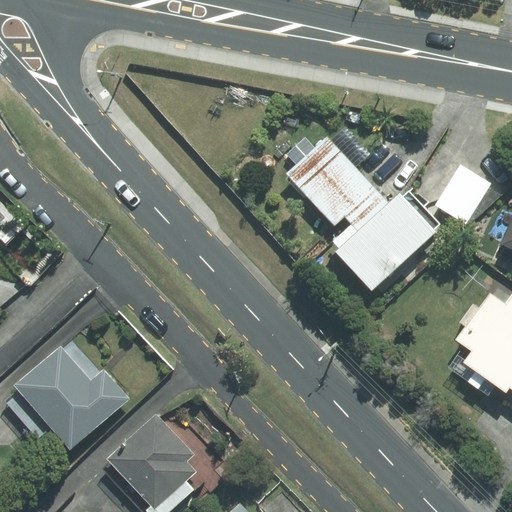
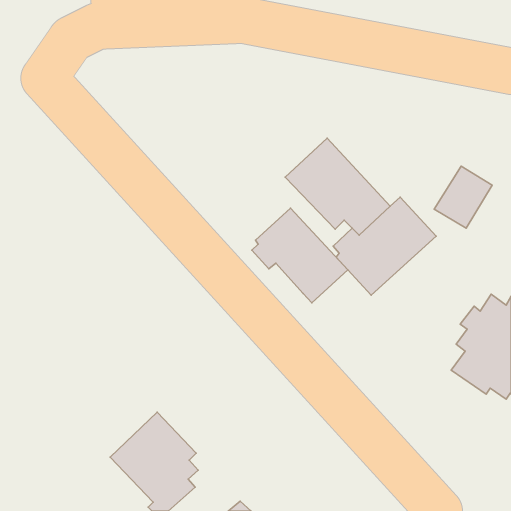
building: none -> [252,208,348,303]
building: [14,341,128,444] -> none

